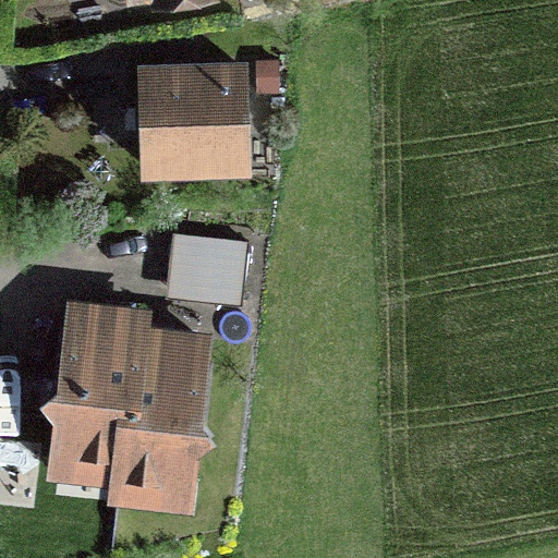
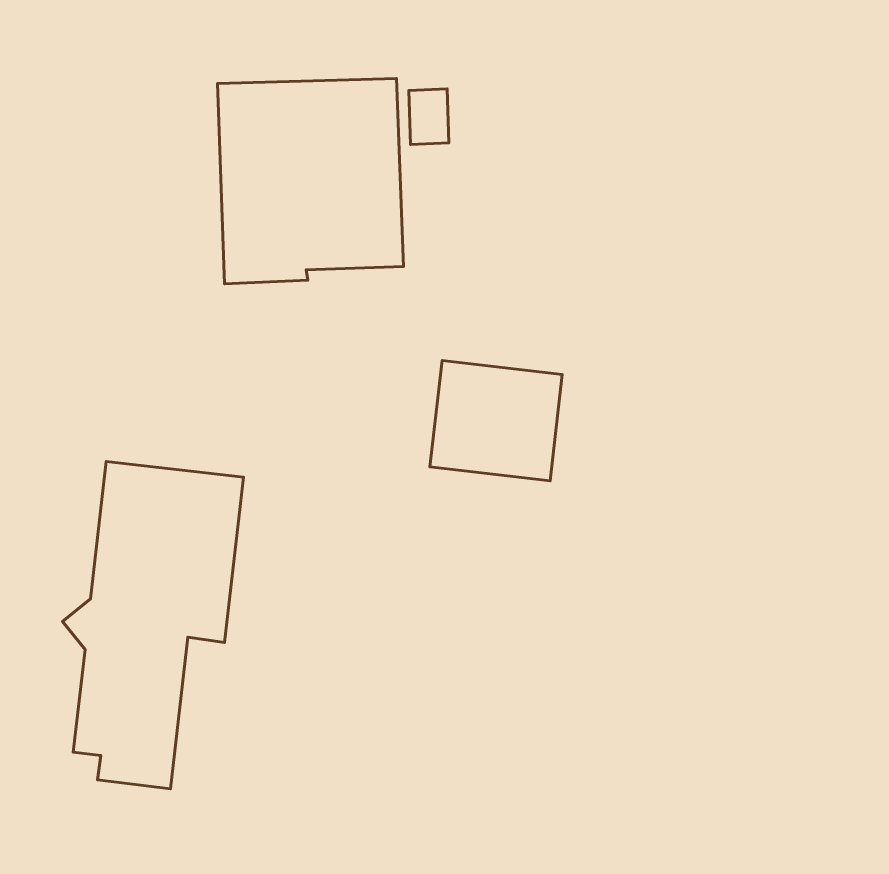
building: [166,236,248,312] -> [430,361,562,481]
building: [107,327,216,513] -> none

